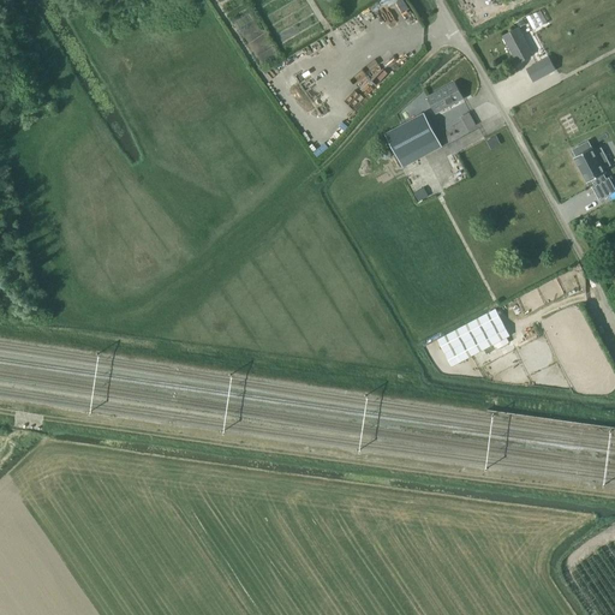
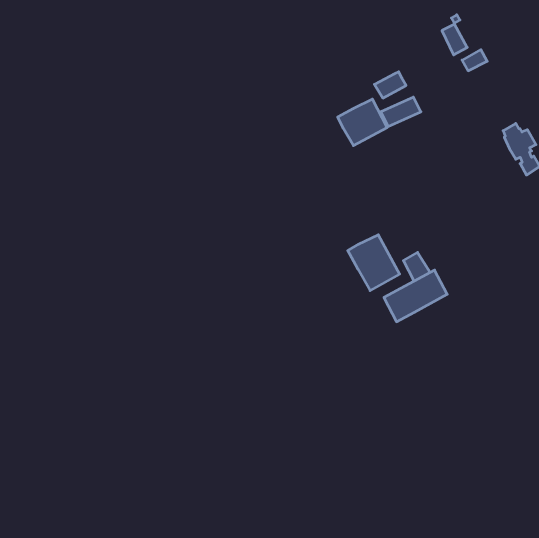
building: none -> [348,235,400,291]
building: none -> [403,252,430,281]

